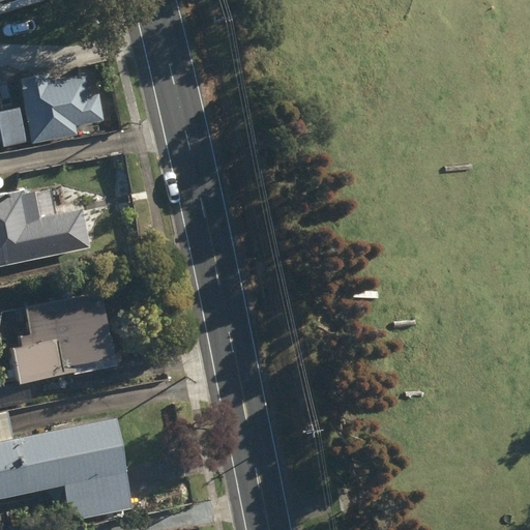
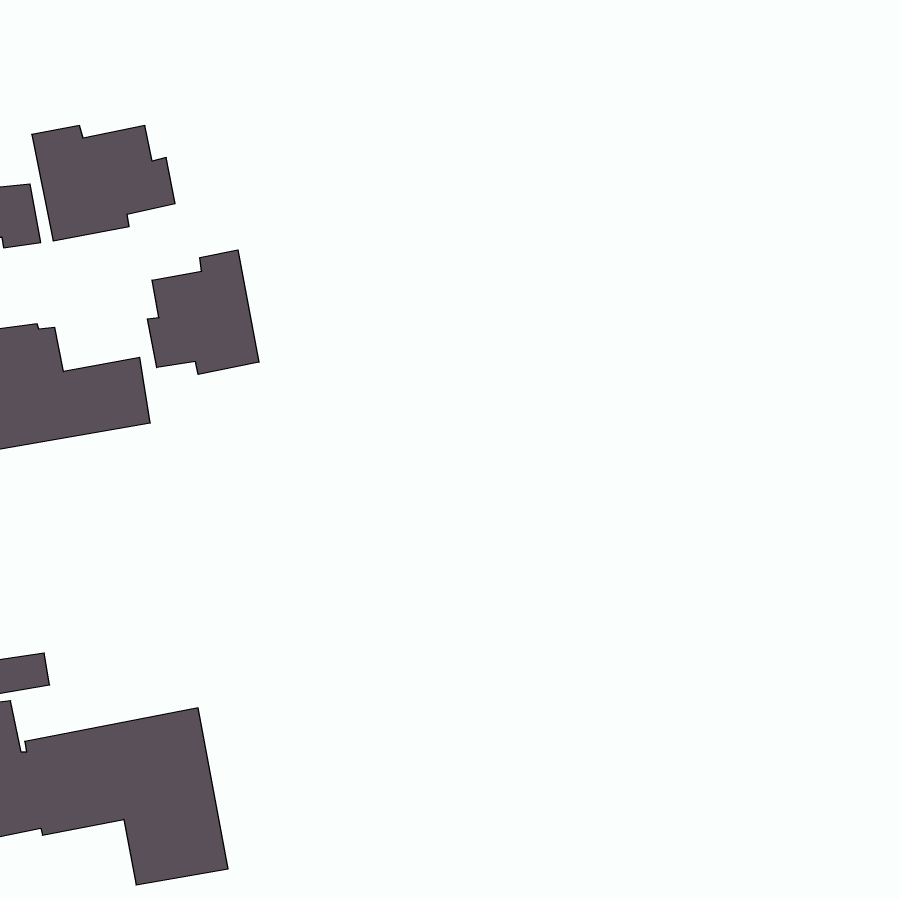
building: none -> [147,250,259,374]
building: [12,292,114,382] -> none

